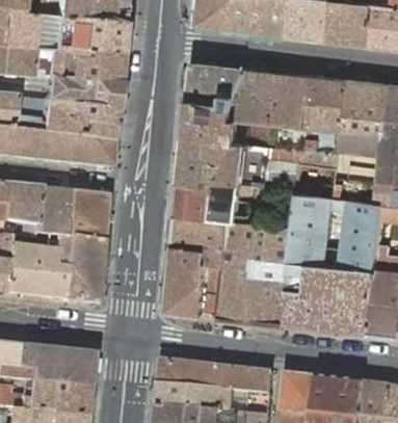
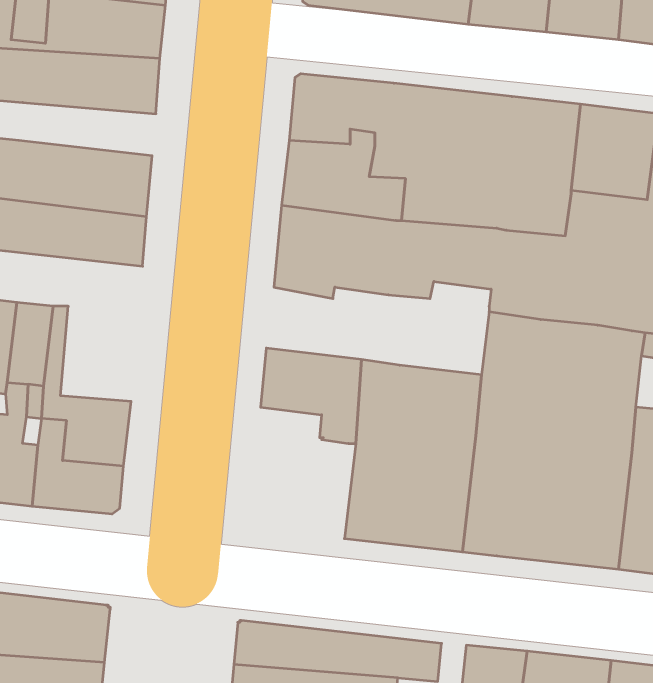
building: [41,78,115,107] -> none
building: [176,179,249,221] -> none
building: [63,189,106,241] -> none
building: [165,244,220,316] -> none

